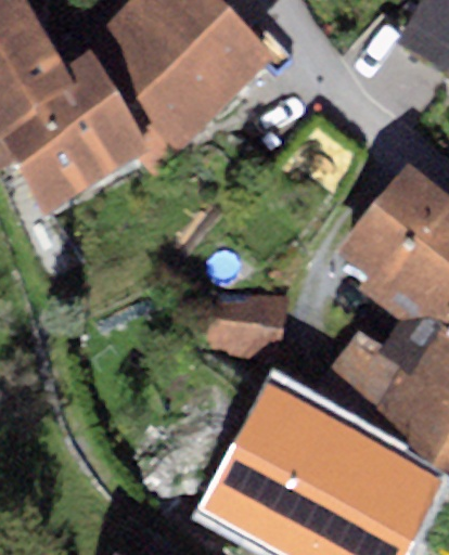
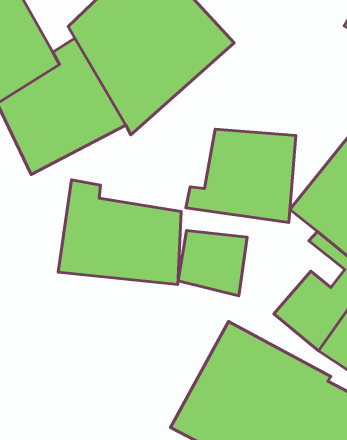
building: none -> [186,129,296,223]
building: none -> [58,180,181,285]

